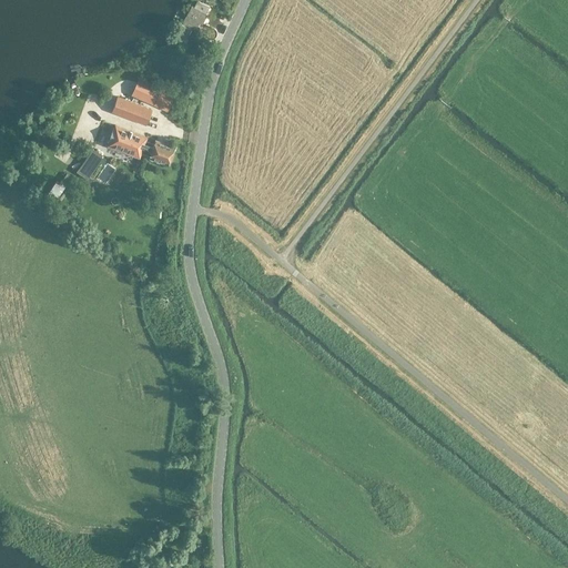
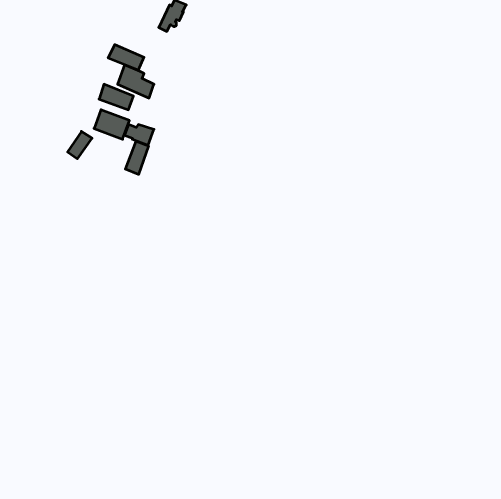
building: none -> [108,45,144,70]
building: none -> [125,141,148,174]

